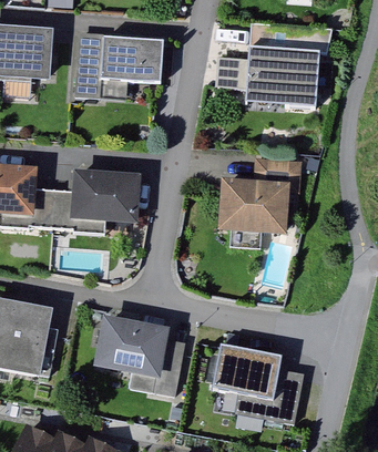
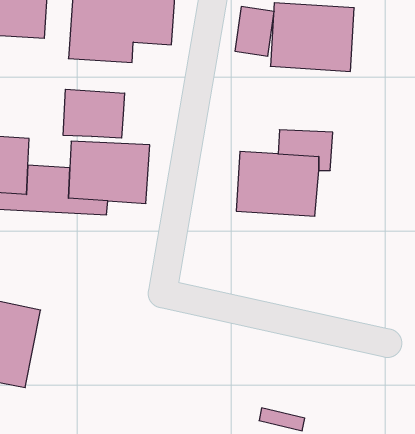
building: none -> [63,89,125,138]
building: [89,325,181,383] -> none
building: [221,343,296,403] -> none

